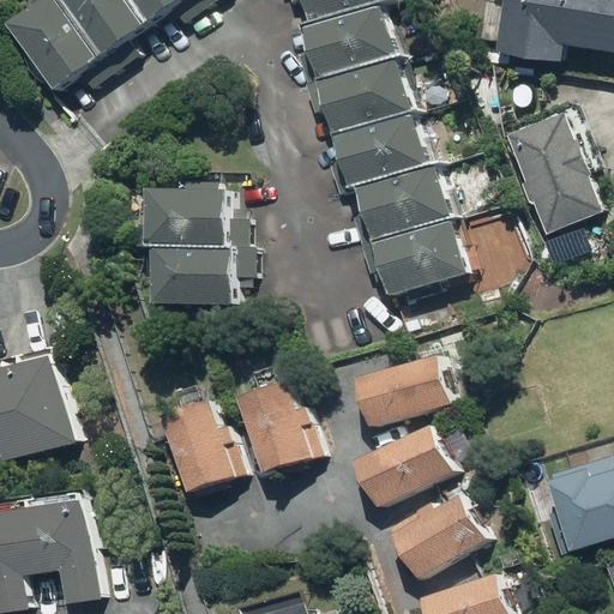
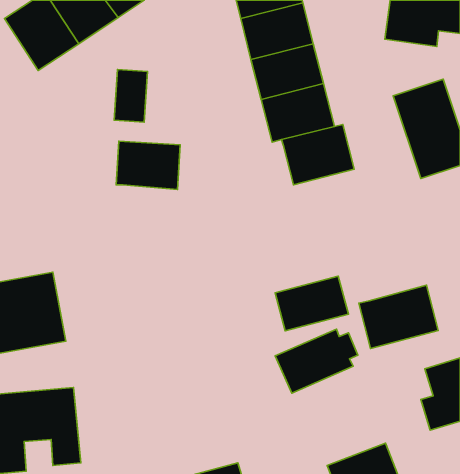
building: none -> [114,69,147,122]
building: [379,219,471,293] -> none
building: [155,240,241,306] -> none
building: none -> [359,285,438,348]
building: [240,383,315,471] -> none
building: [161,395,239,488] -> none
building: [391,494,484,578] -> none

